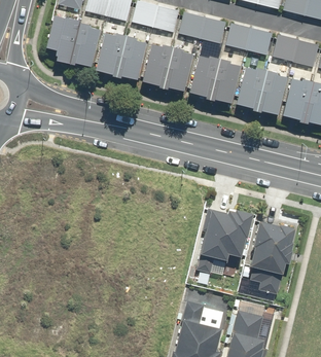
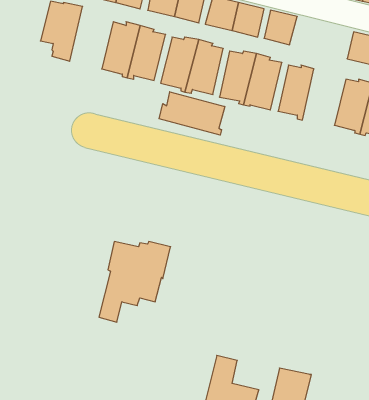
building: [69,19,100,66] -> none
building: [246,27,272,53] -> none
building: [272,34,297,61] -> none
building: [256,69,286,113] -> none
building: none -> [159,92,225,135]
building: [195,208,253,273] -> [99,242,171,322]
building: [248,219,294,294] -> none

